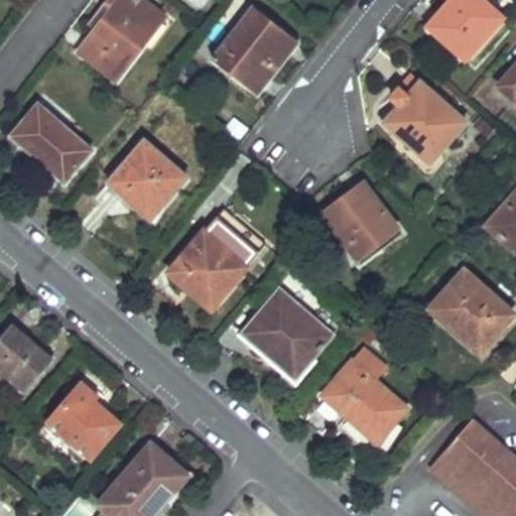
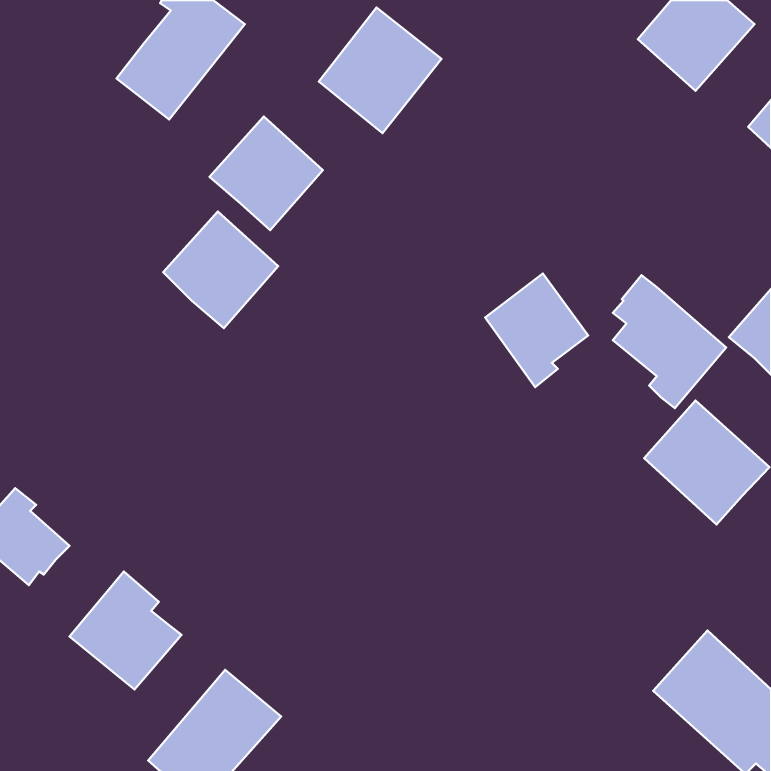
building: [389,75,465,163] -> [613,275,726,408]
building: none -> [210,117,323,230]
building: [10,106,90,178] -> none
building: [168,214,264,309] -> none
building: [243,288,333,377] -> none
building: [321,349,407,443] -> none

